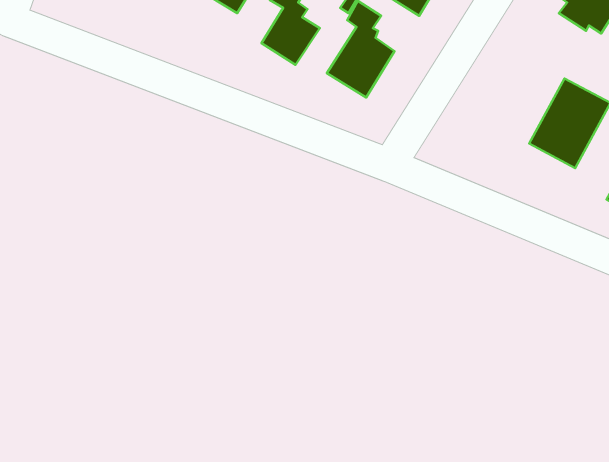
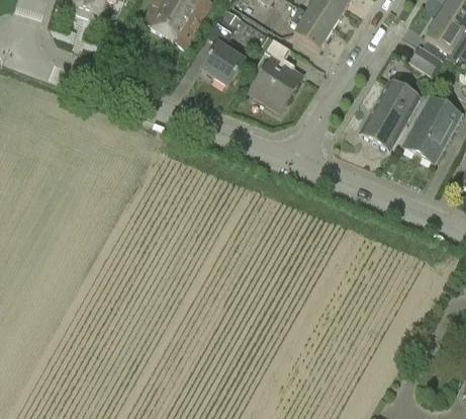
building: none -> [410,45,444,74]
building: none -> [358,79,418,149]

